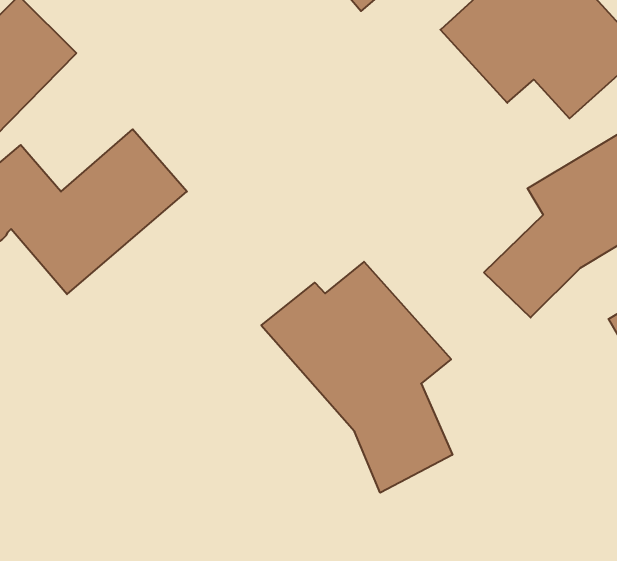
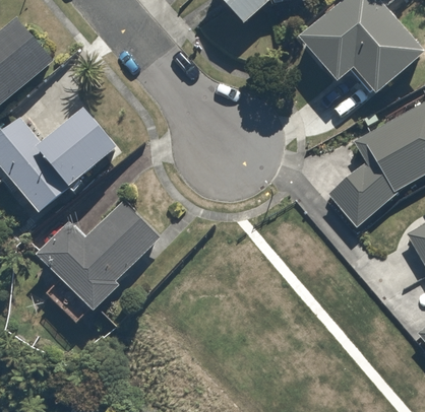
building: [261,262,452,493] -> none
building: none -> [25,200,164,323]

